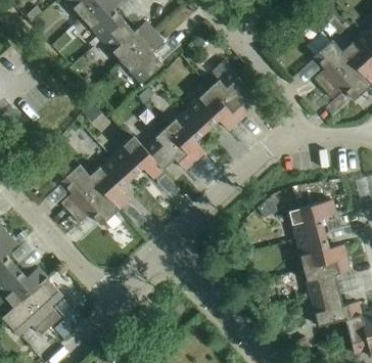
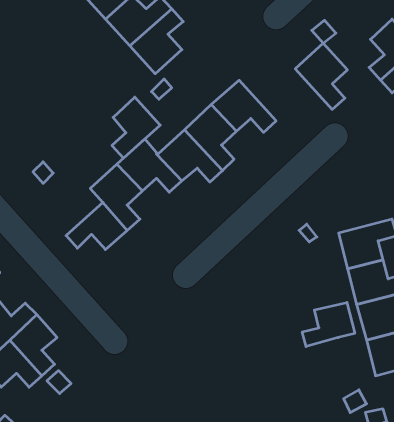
building: [210,67,251,121] -> [295,43,347,109]
building: [61,164,100,213] -> [112,97,160,158]
building: none -> [302,302,355,347]

